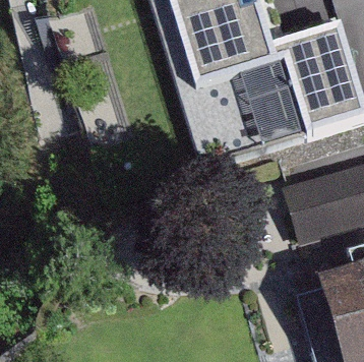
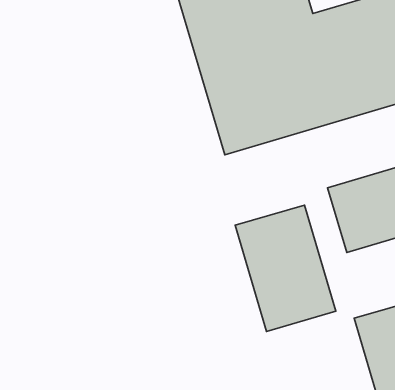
building: none -> [235,205,336,331]

